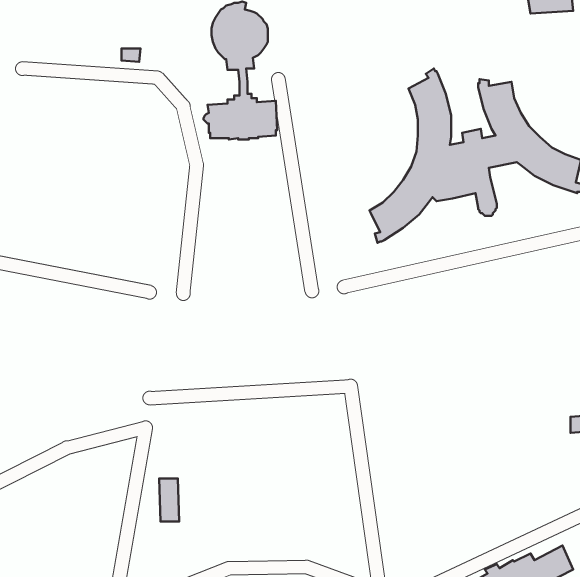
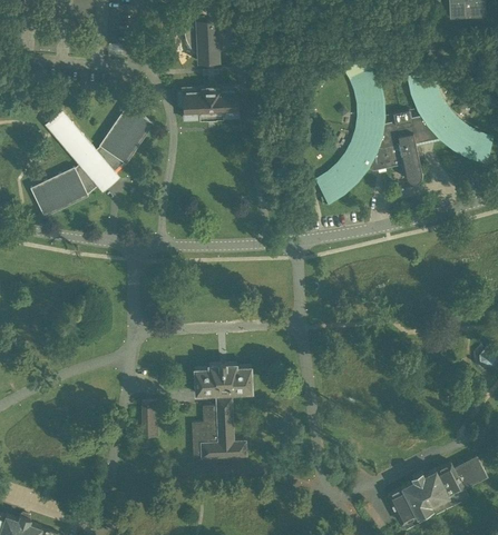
building: none -> [30,107,154,218]
building: none -> [192,363,252,458]

